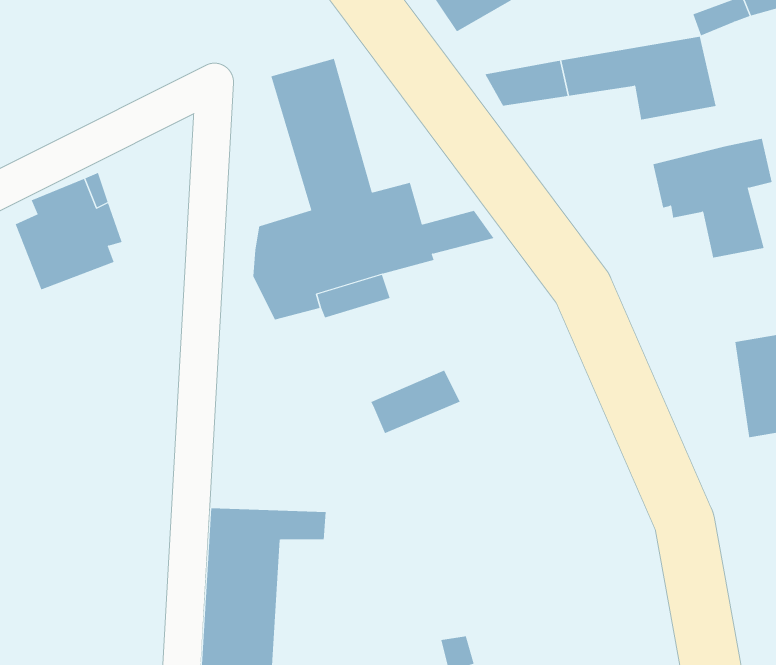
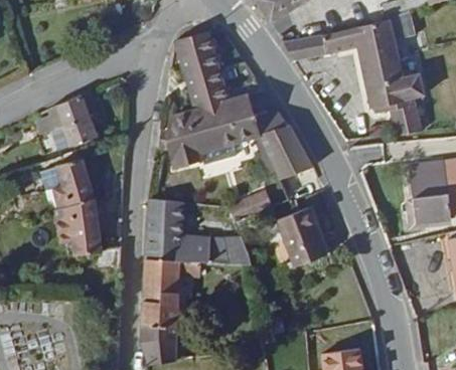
building: none -> [361,57,404,86]
building: none -> [257,123,315,180]
building: none -> [43,160,100,253]
building: none -> [145,198,249,262]
building: none -> [276,206,326,266]

